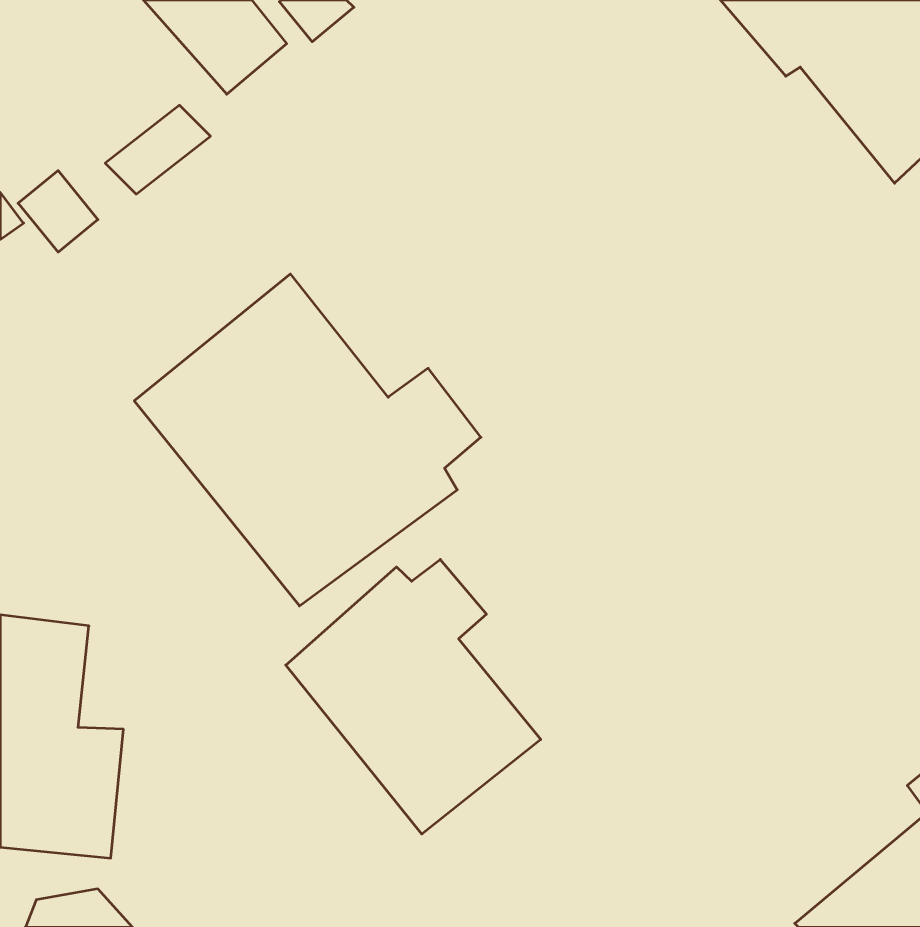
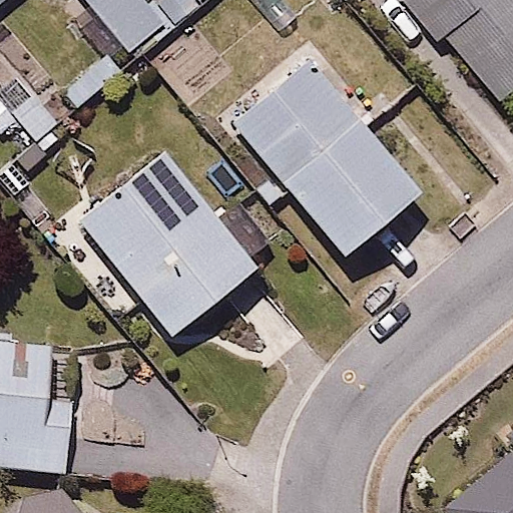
building: none -> [231,58,420,255]
building: [286,559,541,834] -> none

